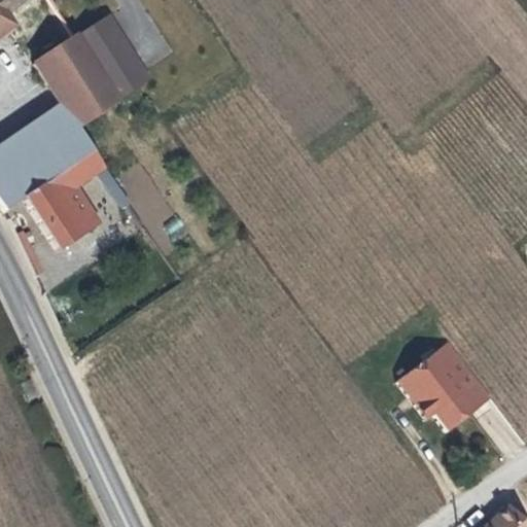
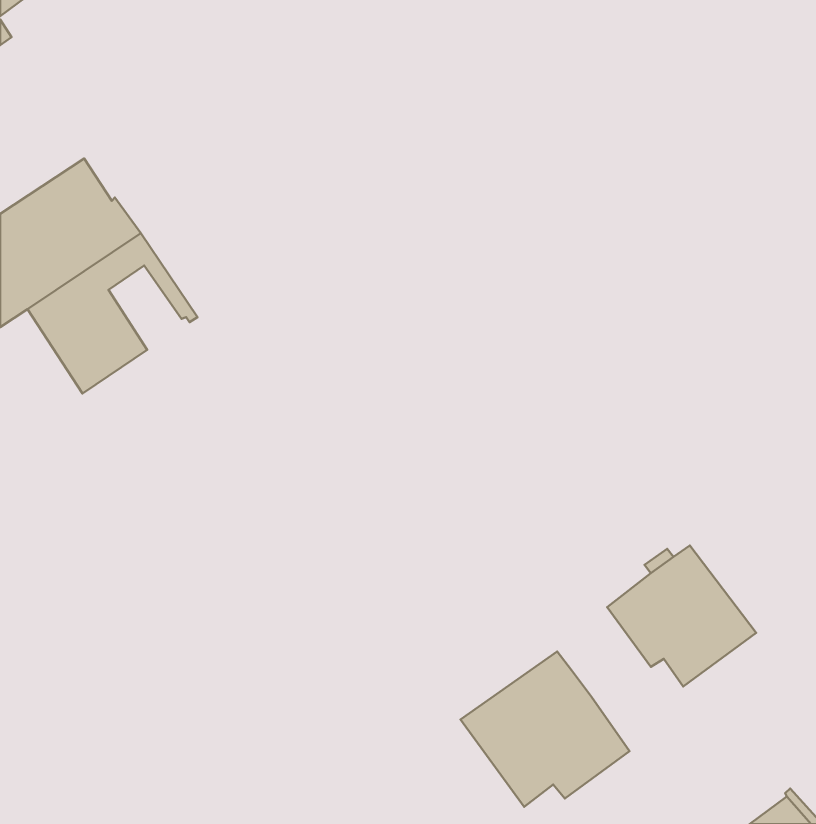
building: [37,14,153,128] -> none
building: none -> [460,651,629,807]

